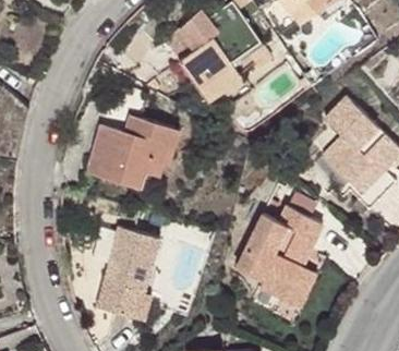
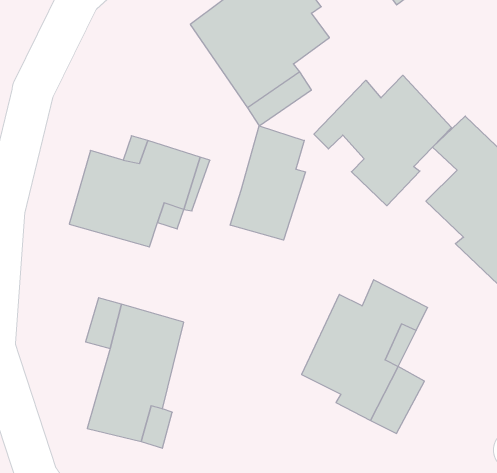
building: none -> [314,75,452,206]
building: none -> [230,126,306,240]

